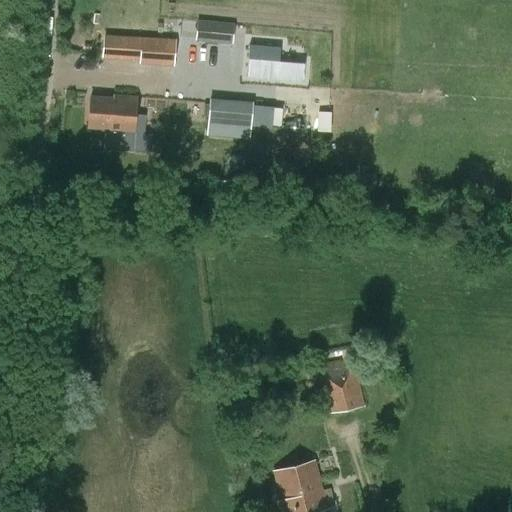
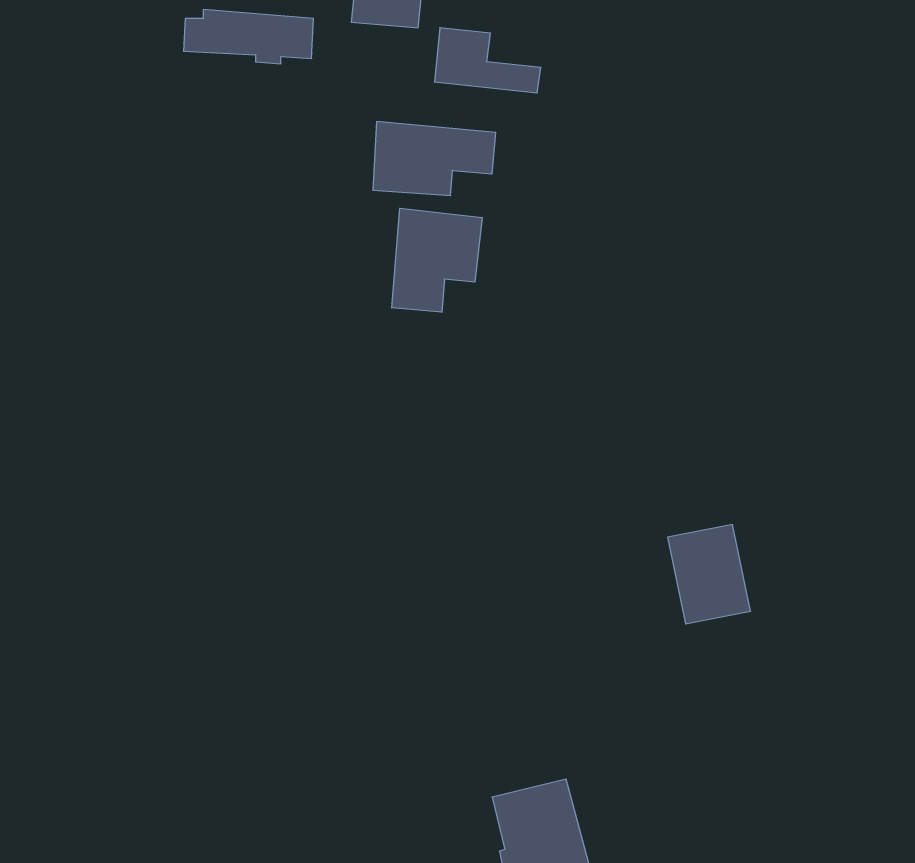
building: [90,96,138,151] -> none
building: none -> [392,208,482,312]
building: [319,358,365,413] -> [668,525,751,624]

